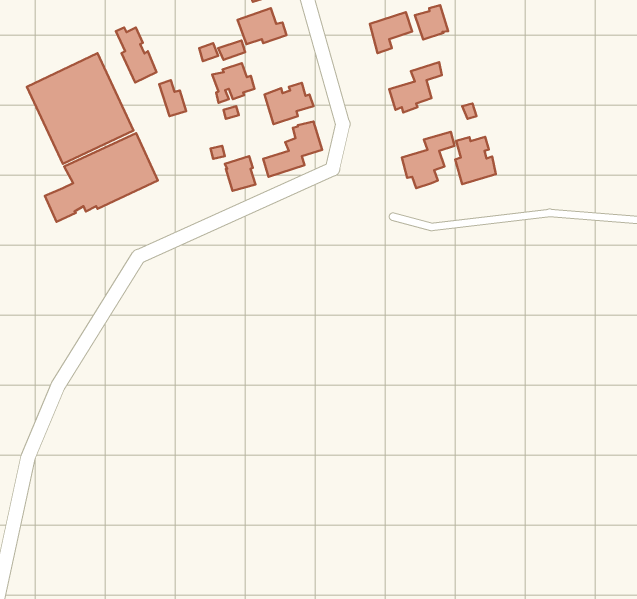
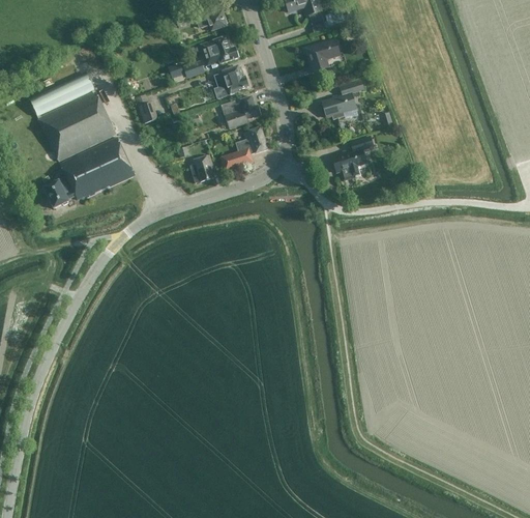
building: [415,5,448,40] -> none
building: [116,28,157,82] -> none
building: [212,63,255,103] -> [214,66,248,98]
building: [455,137,496,184] -> none

